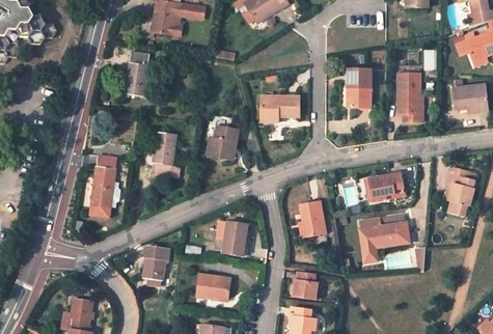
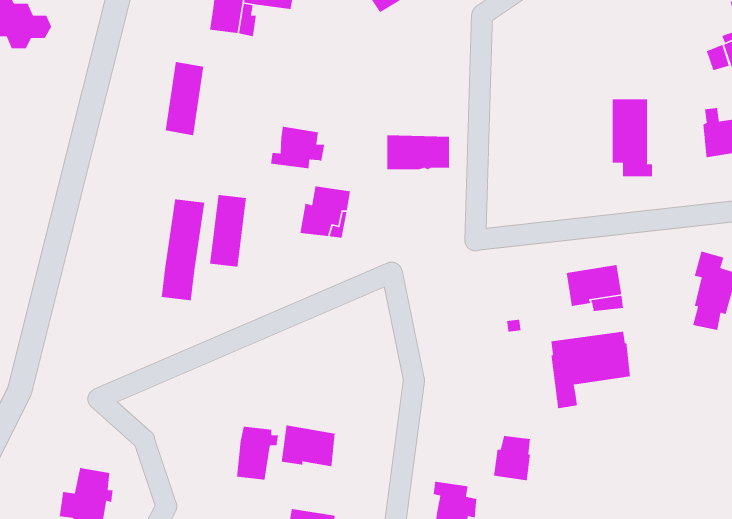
building: [348,69,371,107] -> none
building: none -> [270,126,325,169]
building: [90,156,117,218] -> [161,199,205,301]
building: [300,199,327,235] -> none
building: [222,221,247,256] -> none
building: [144,247,170,280] -> [236,426,279,480]
building: [294,272,317,300] -> [493,435,531,481]

